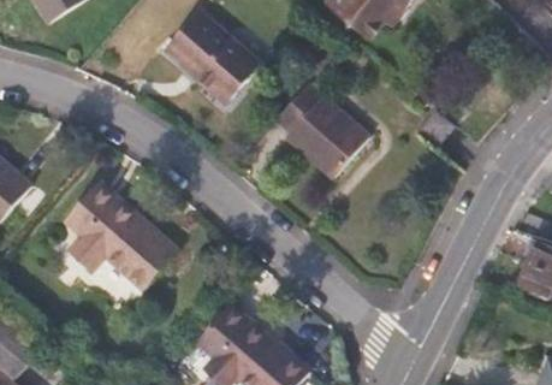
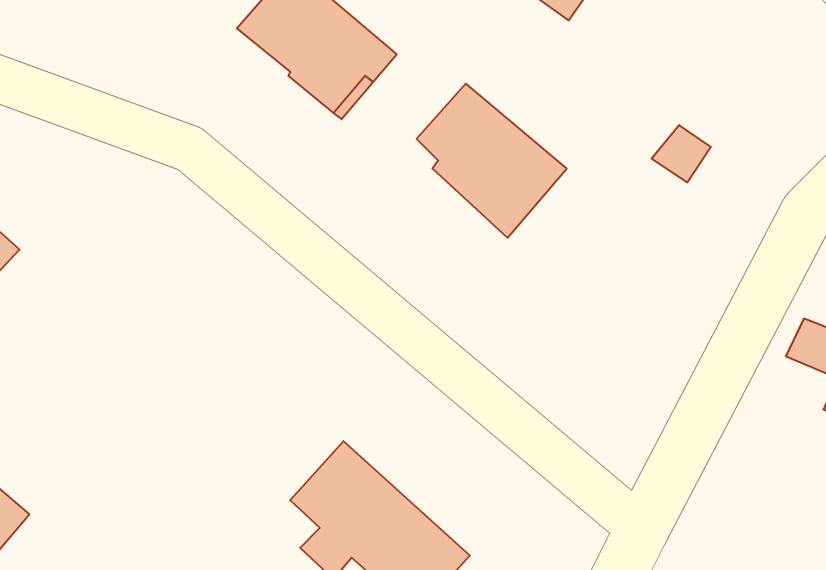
building: [67,180,180,288] -> none

